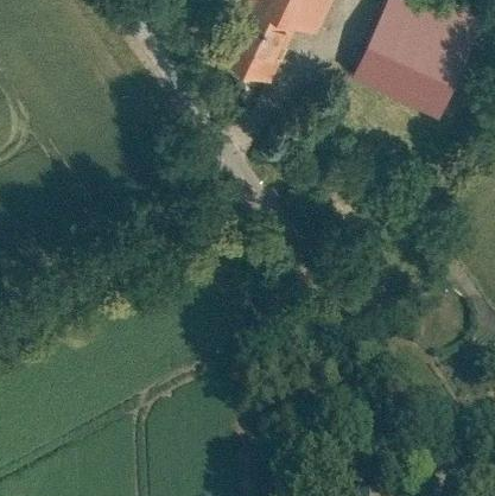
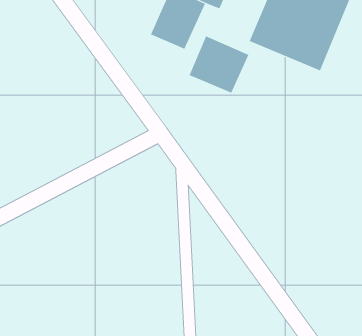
building: none -> [189,36,249,94]

